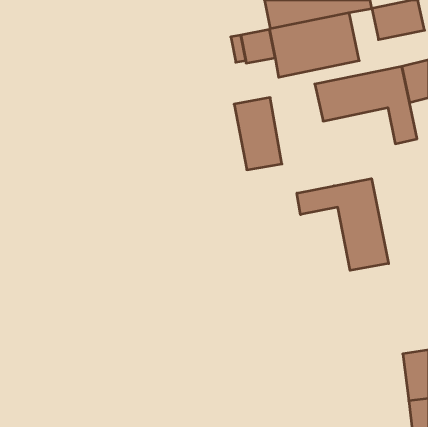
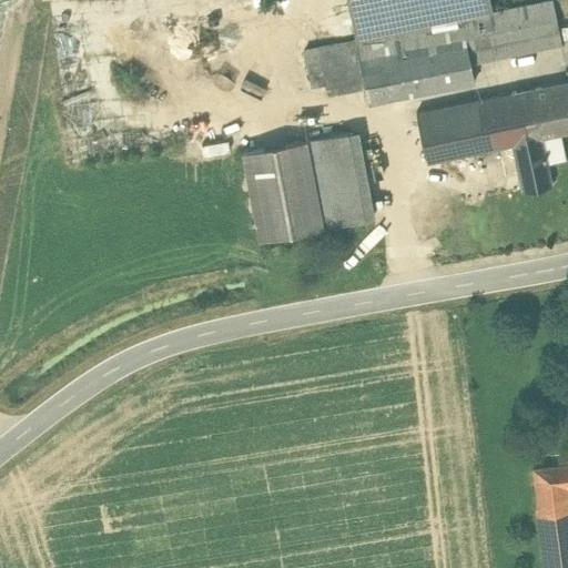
building: none -> [463,14,501,62]
building: none -> [243,141,327,241]
building: [297,179,389,270] -> none

